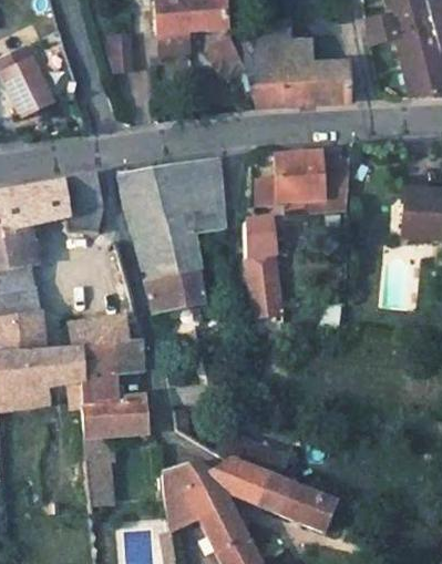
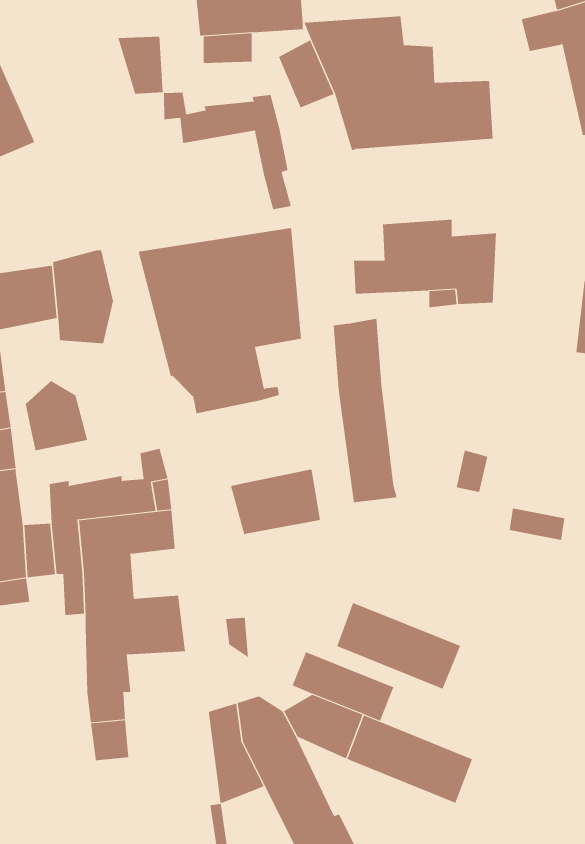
building: none -> [163,92,291,210]
building: none -> [25,380,88,451]
building: [145,269,204,312] -> [230,469,321,535]
building: none -> [337,602,461,690]

